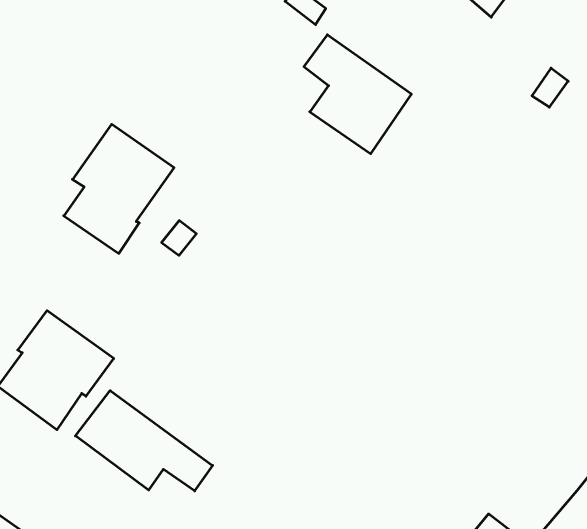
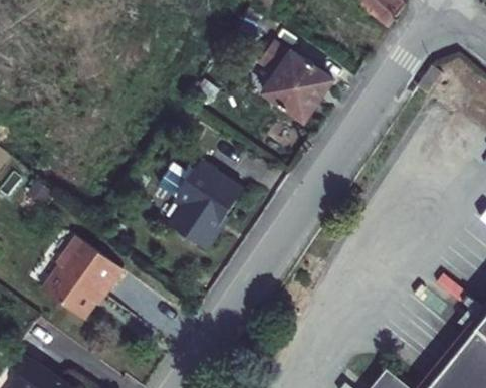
building: [64,124,174,253] -> [169,161,245,250]
building: [75,391,213,491] -> none

